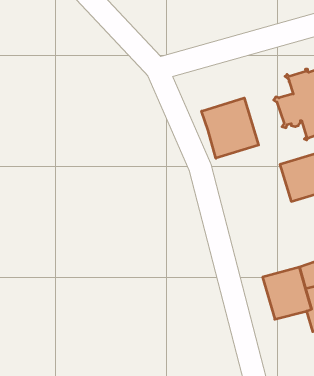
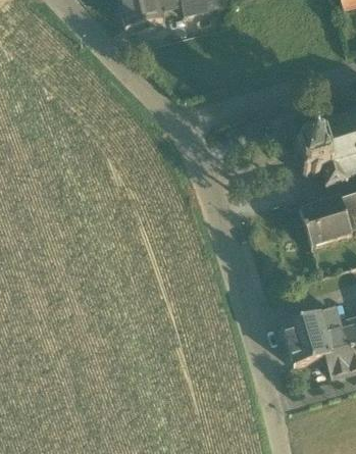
building: [202,98,259,158] -> none

